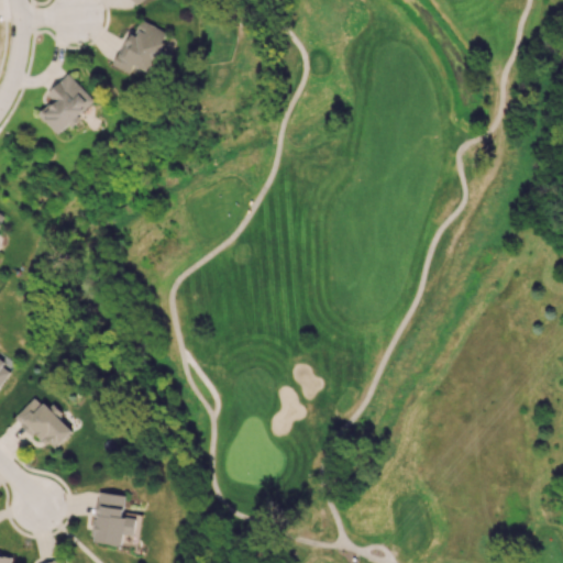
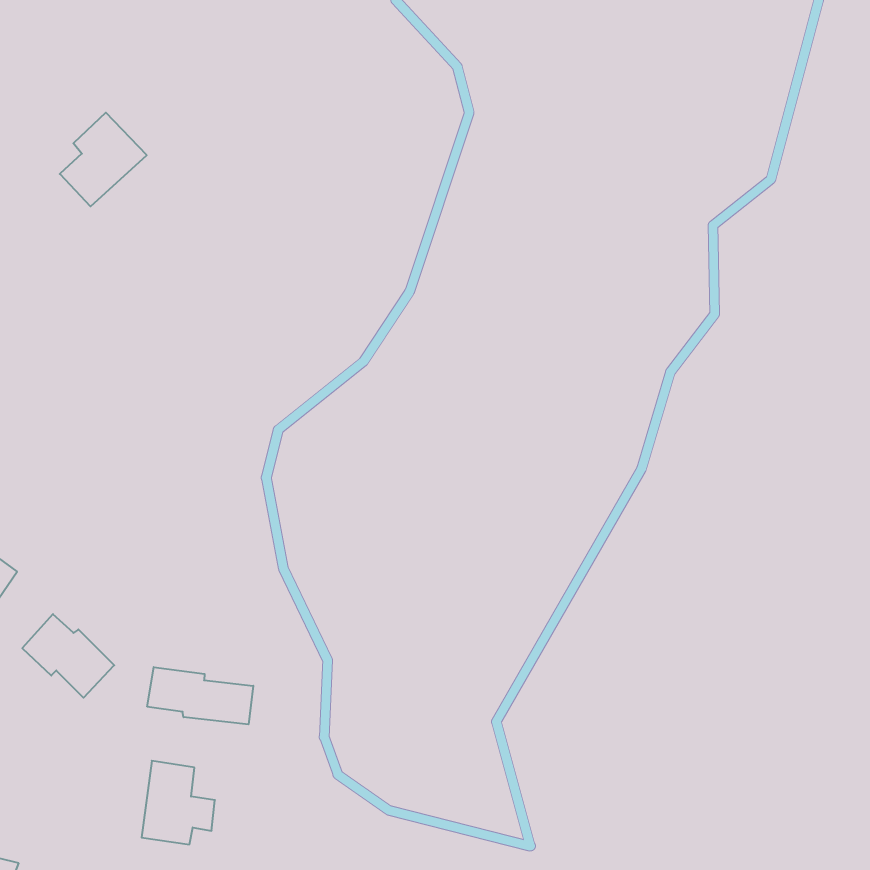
building: [113,20,169,74] -> none
building: none -> [147,667,253,724]

